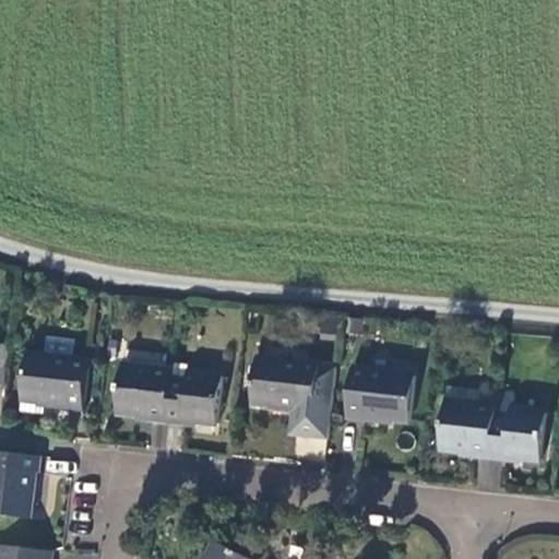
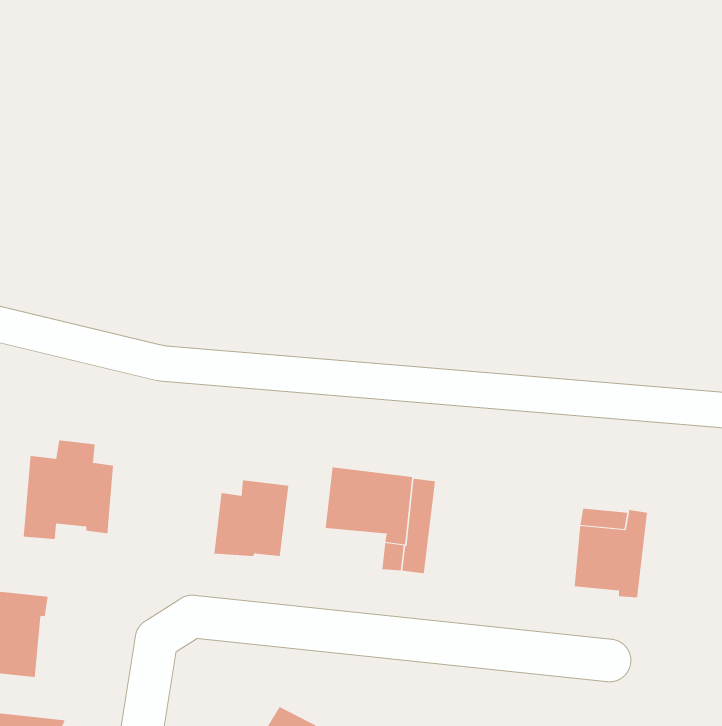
building: [112,361,170,426] -> none
building: [345,370,414,421] -> none
building: [489,394,546,462] -> none

